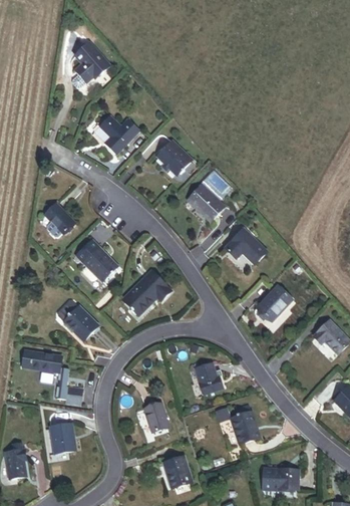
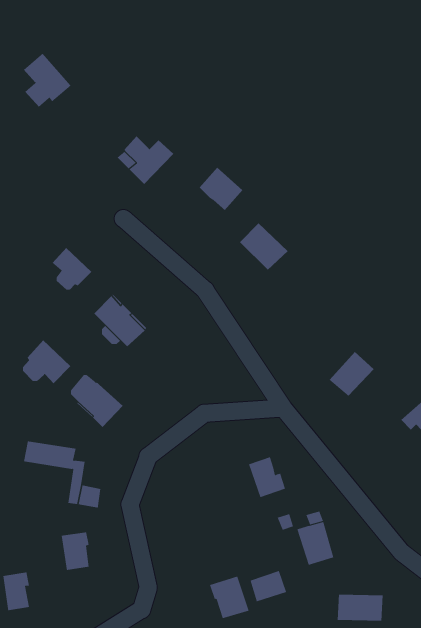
building: [72,41,109,83] -> [23,53,71,107]
building: [225,227,267,263] -> none
building: [122,272,170,315] -> none
building: none -> [23,340,71,384]
building: [146,401,171,431] -> none
building: none -> [250,570,287,602]

